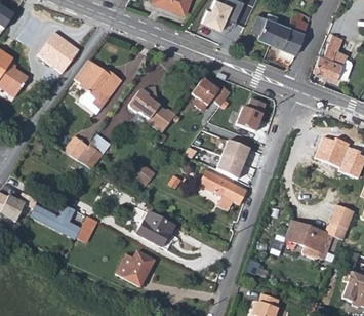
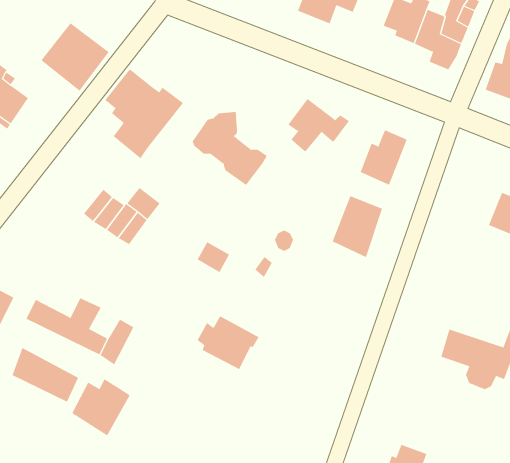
building: [199,170,246,213] -> none
building: none -> [12,347,79,402]
building: [117,251,154,287] -> [71,379,131,436]

